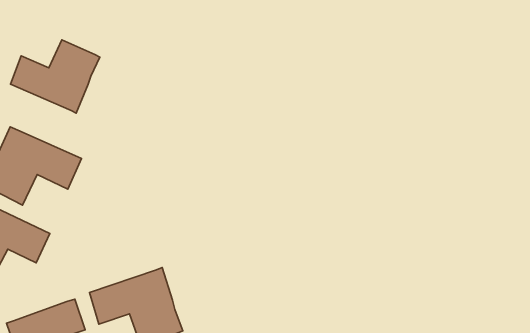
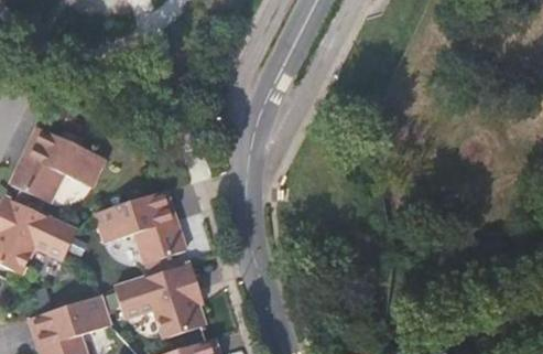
building: [10,40,100,113] -> none
building: none -> [95,189,186,266]

